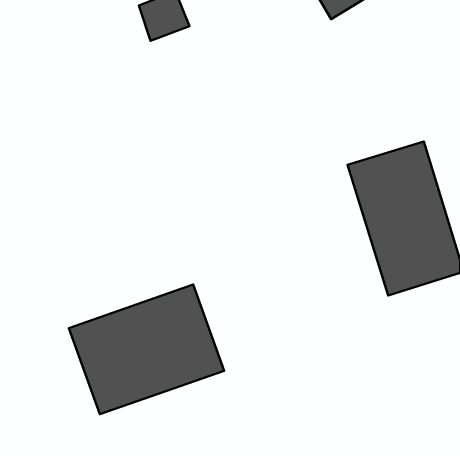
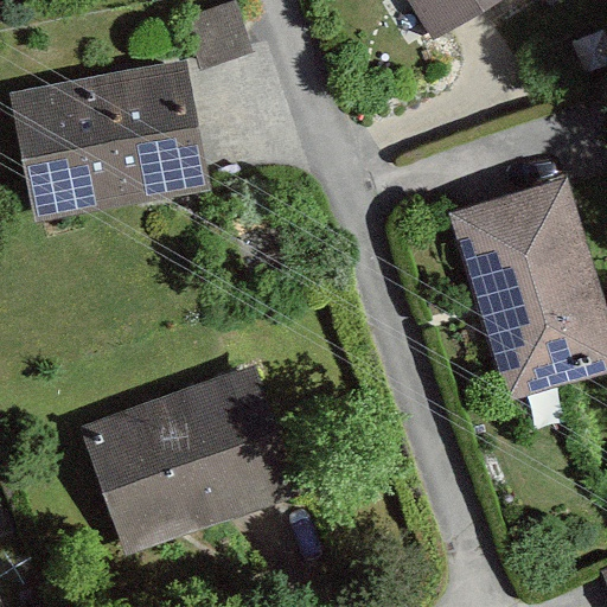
building: none -> [20,69,200,207]

